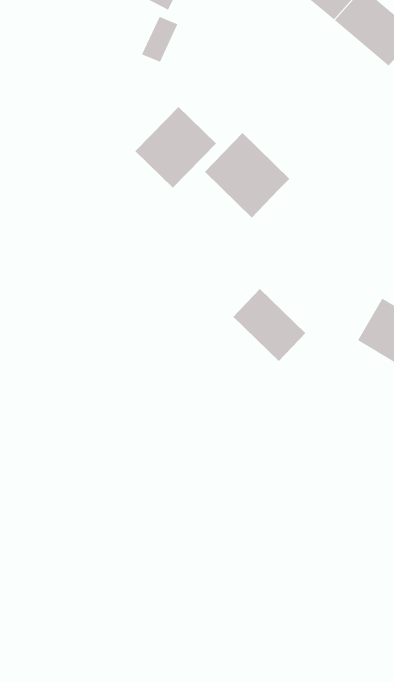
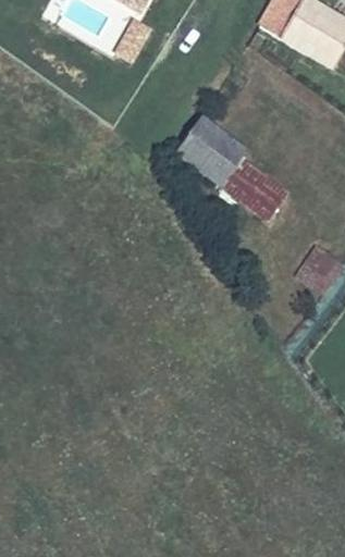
building: [135,106,217,188] -> none
building: [232,288,306,362] -> [214,152,273,211]

